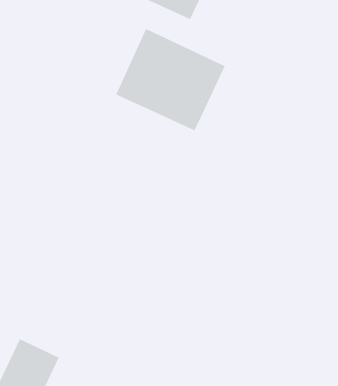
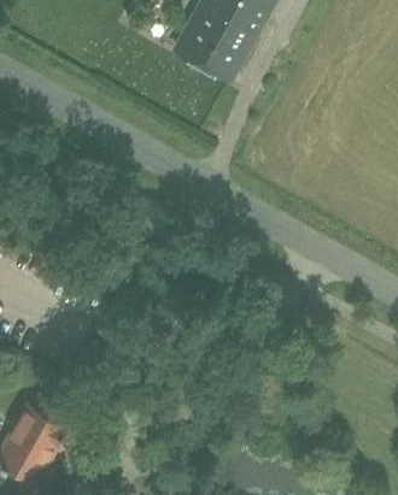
building: [115,28,226,131] -> none

